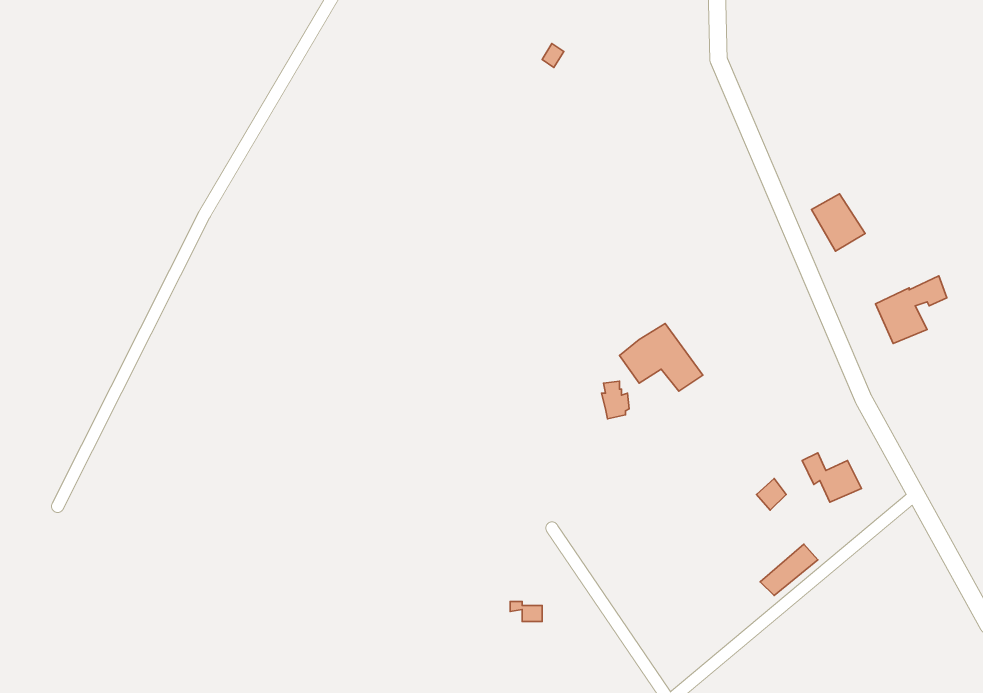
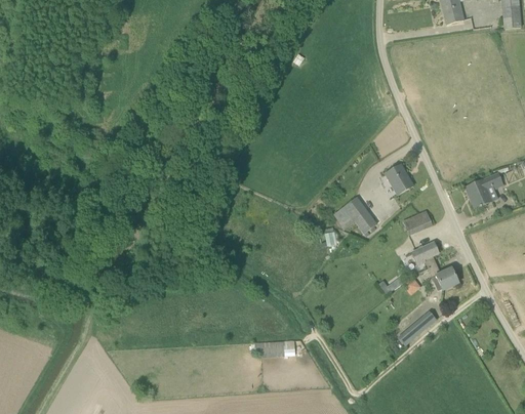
building: [812,194,865,251] -> [386,165,413,195]
building: none -> [402,210,432,235]
building: none -> [411,242,439,268]

